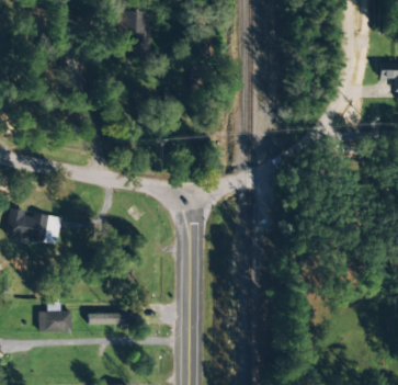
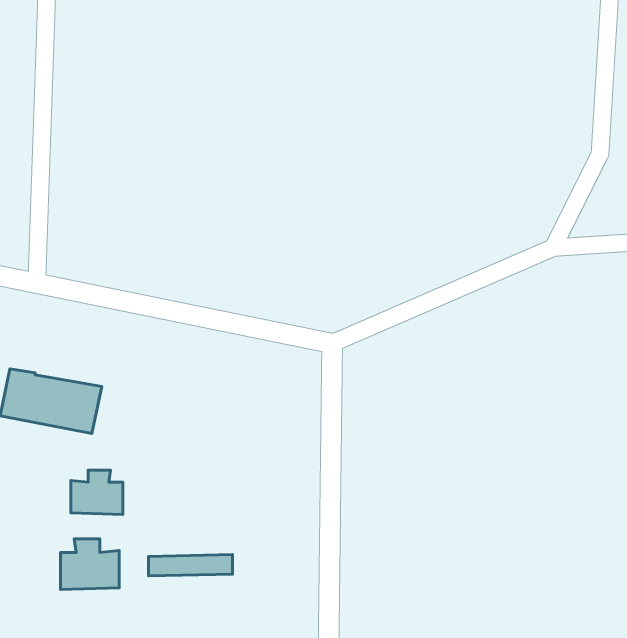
building: [117,11,150,56] -> none
building: none -> [71,470,123,515]

